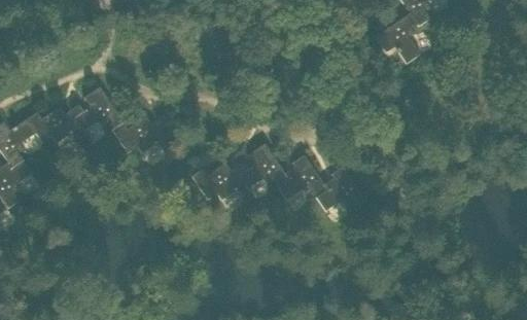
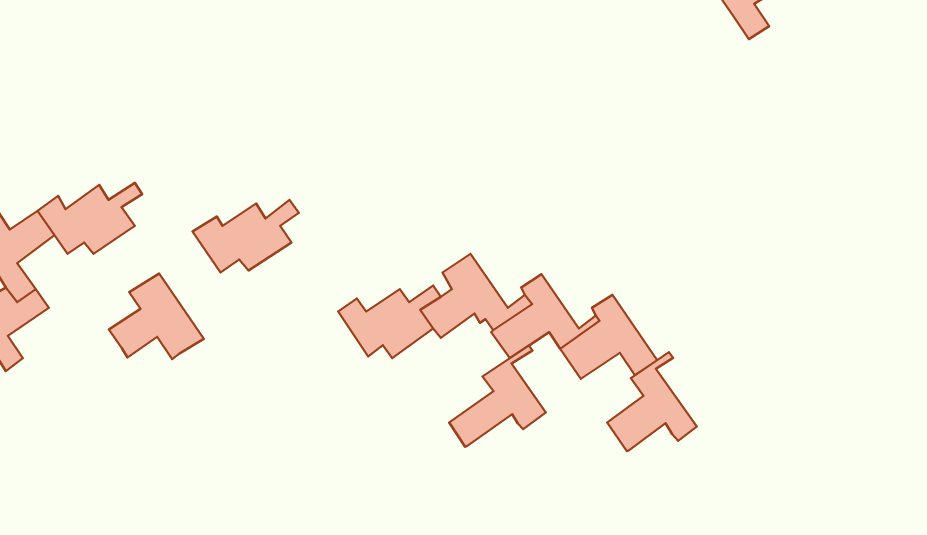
building: [375,12,419,64] -> none
building: [72,86,125,134] -> [109,273,204,359]
building: none -> [449,346,546,447]
building: none -> [607,352,697,451]

